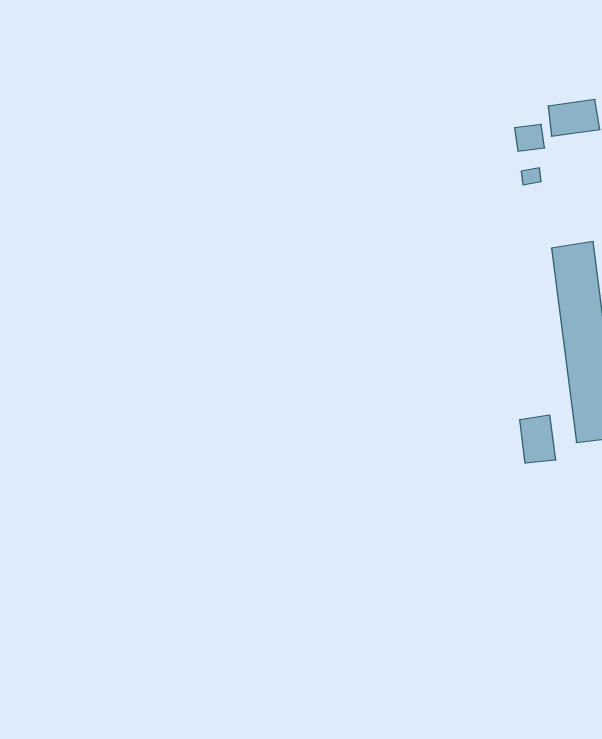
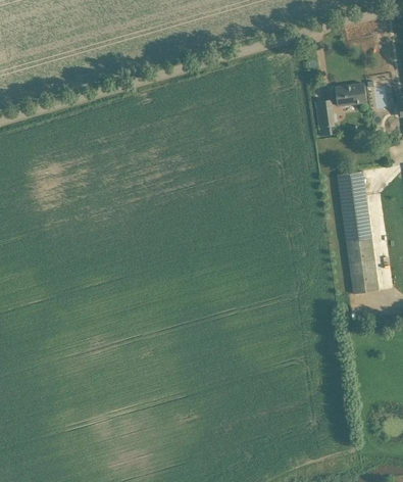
building: [520,415,555,463] -> none

